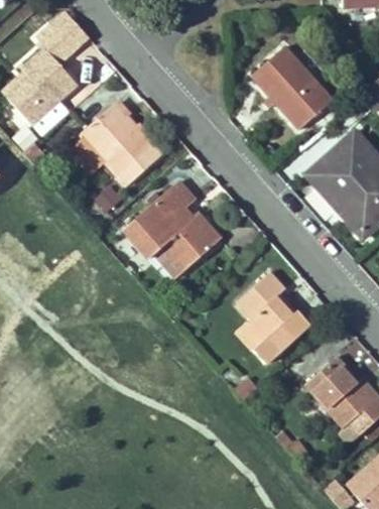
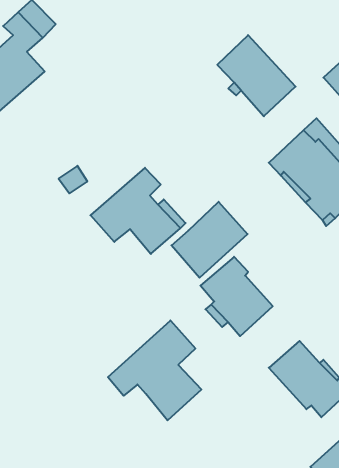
building: [81,103,160,185] -> none
building: none -> [171,202,248,278]
building: none -> [108,320,201,420]

